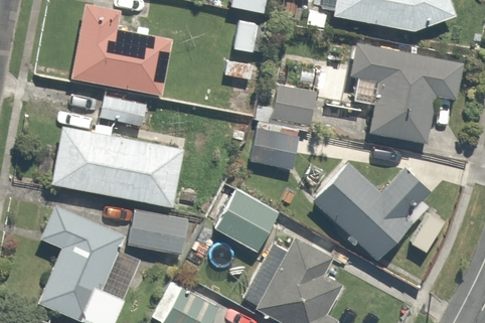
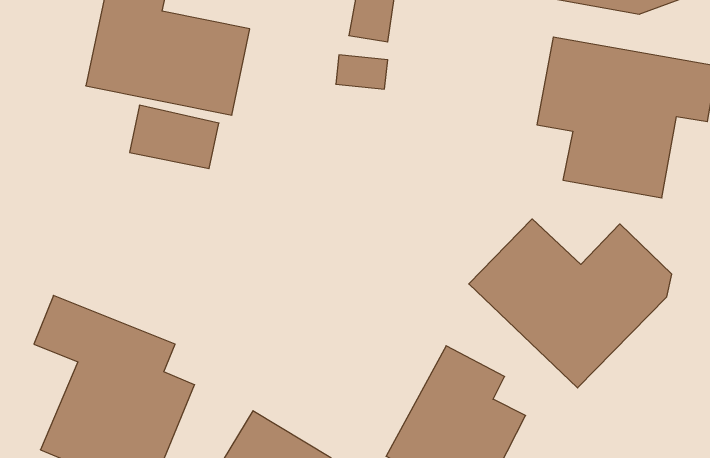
building: [251,74,319,164] -> none
building: [49,128,184,206] -> none
building: [214,185,281,252] -> none
building: [127,207,190,254] -> none

